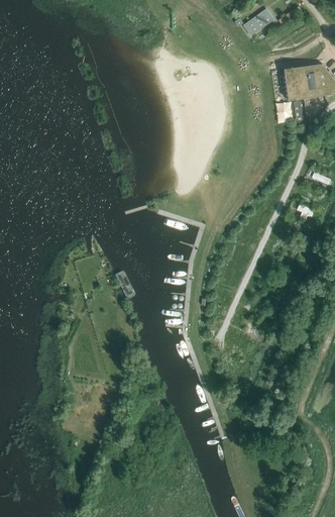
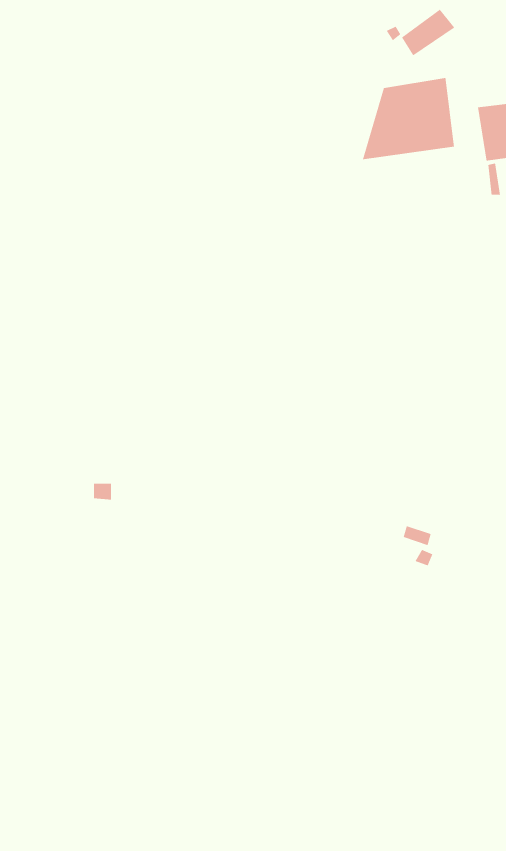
building: none -> [362,77,455,160]

